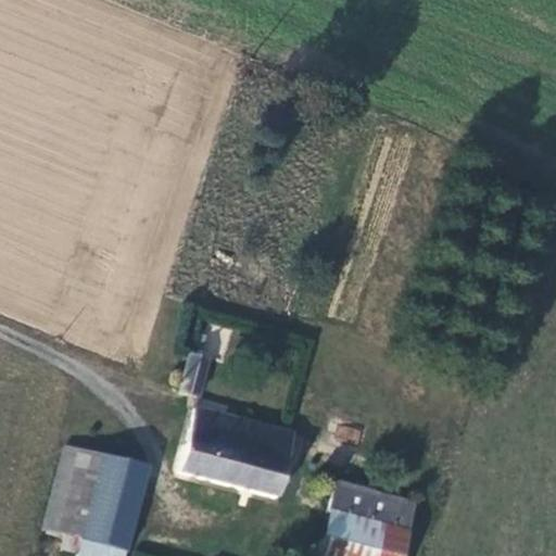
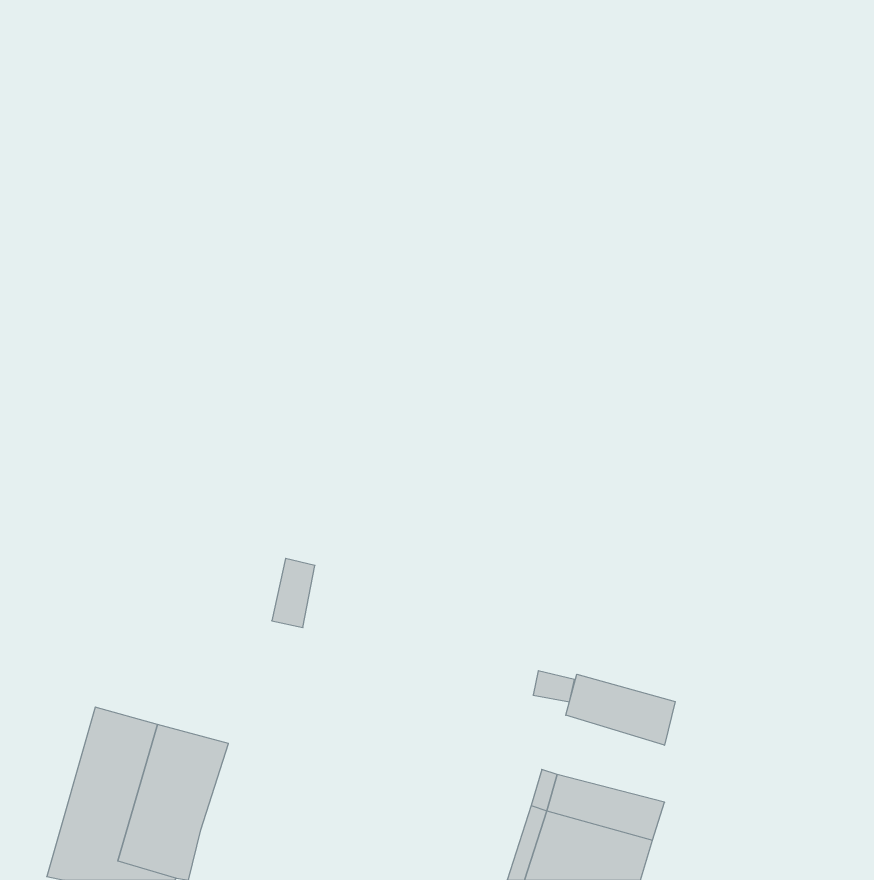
building: [180,404,300,493] -> none
building: none -> [566,674,675,745]

